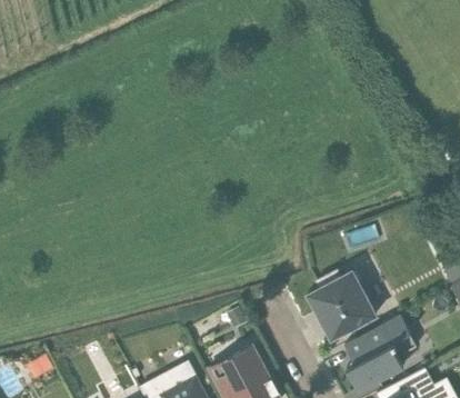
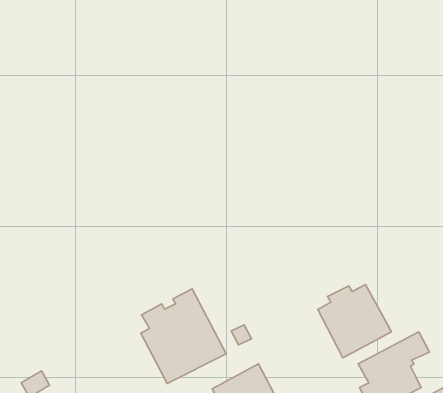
building: none -> [141,289,226,383]

